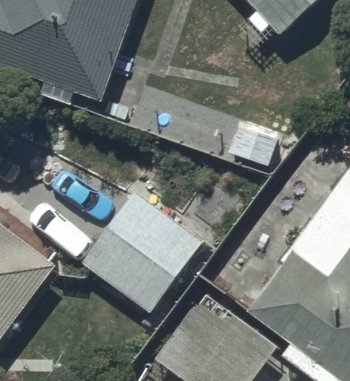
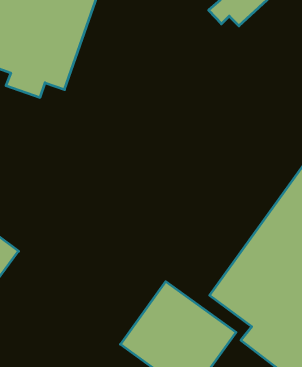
building: [83,192,213,314] -> none

